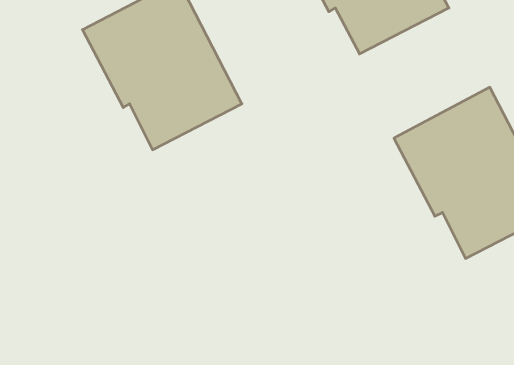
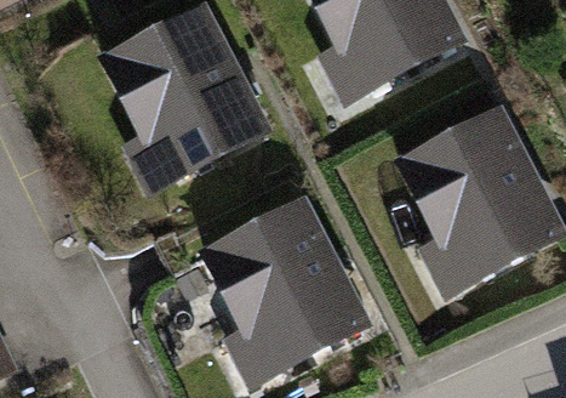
building: none -> [210,206,362,368]

